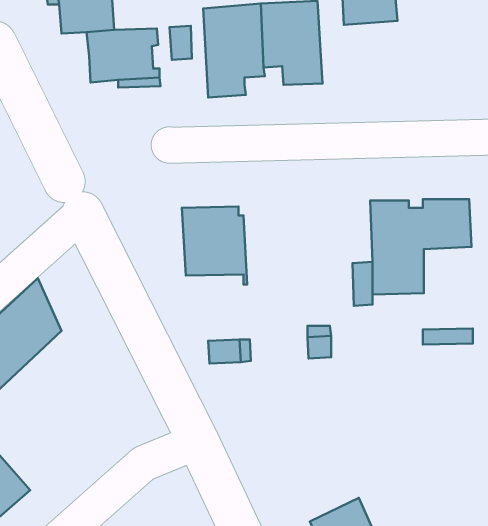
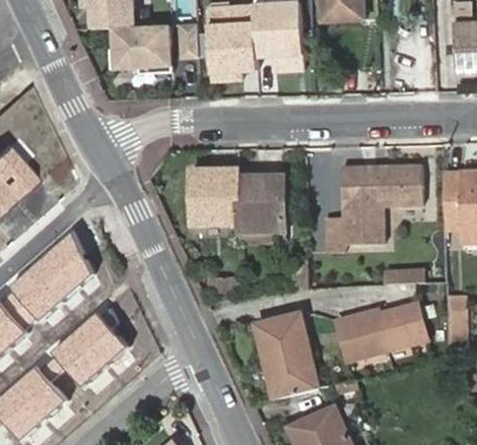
building: none -> [237,176,284,233]
building: none -> [336,304,424,361]
building: none -> [53,311,128,384]
building: none -> [258,312,321,398]

